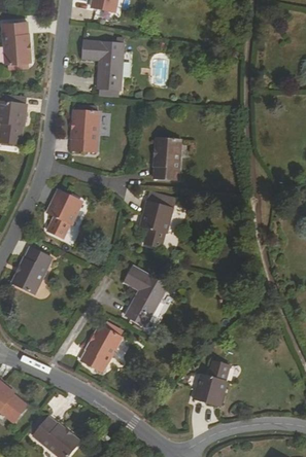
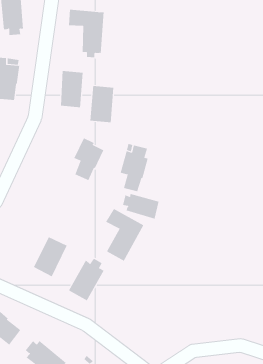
building: [152,138,180,180] -> [90,86,114,123]
building: [45,189,80,239] -> [74,137,104,181]
building: [11,248,50,294] -> [33,236,68,277]
building: none -> [122,193,159,220]
building: [193,361,229,405] -> none

